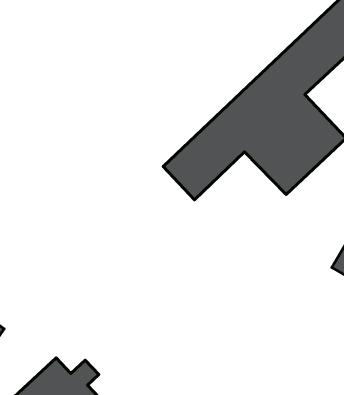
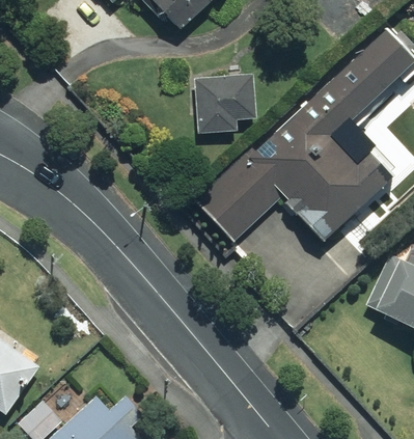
building: none -> [195,78,250,133]

